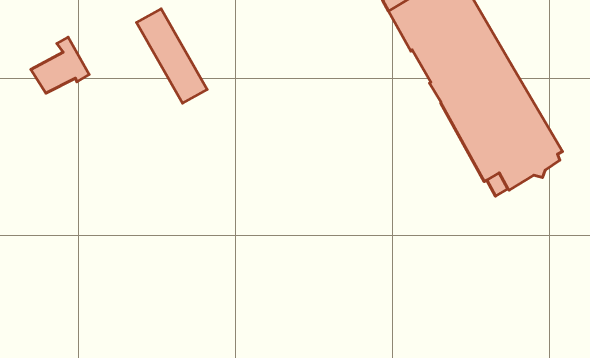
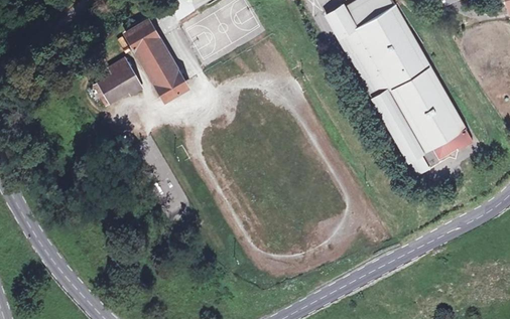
building: [31,37,89,93] -> [93,58,140,104]

